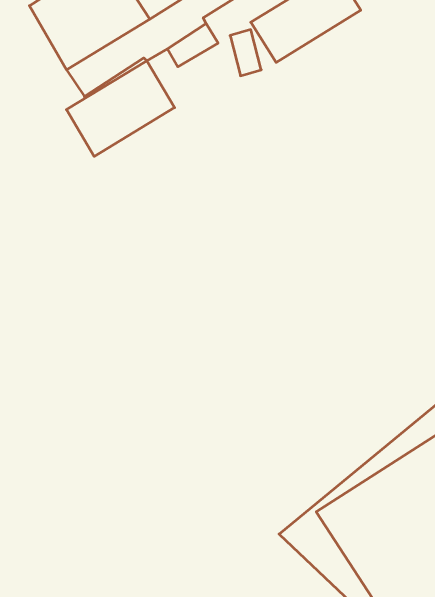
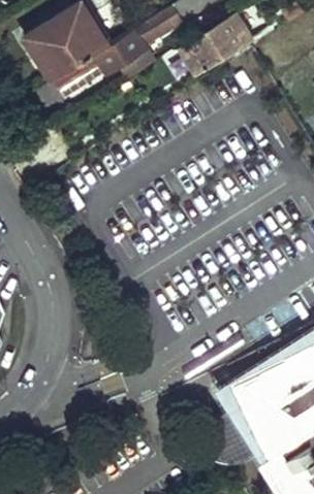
building: [66,61,175,156] -> none

